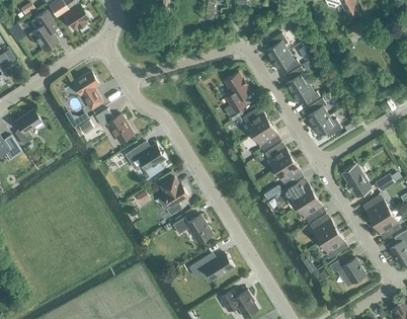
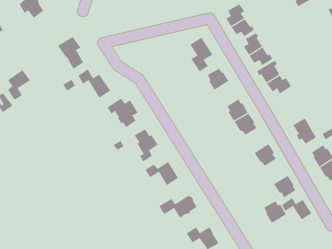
building: [252,123,278,150] -> none
building: [286,178,315,208] -> none
building: [311,215,337,241] -> [264,200,287,223]

